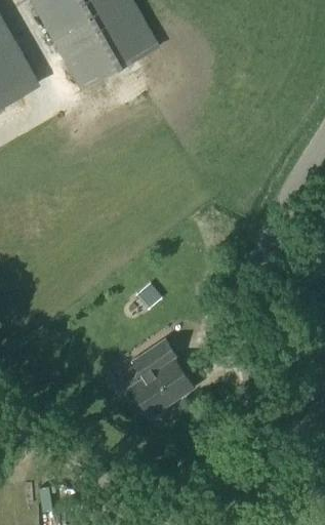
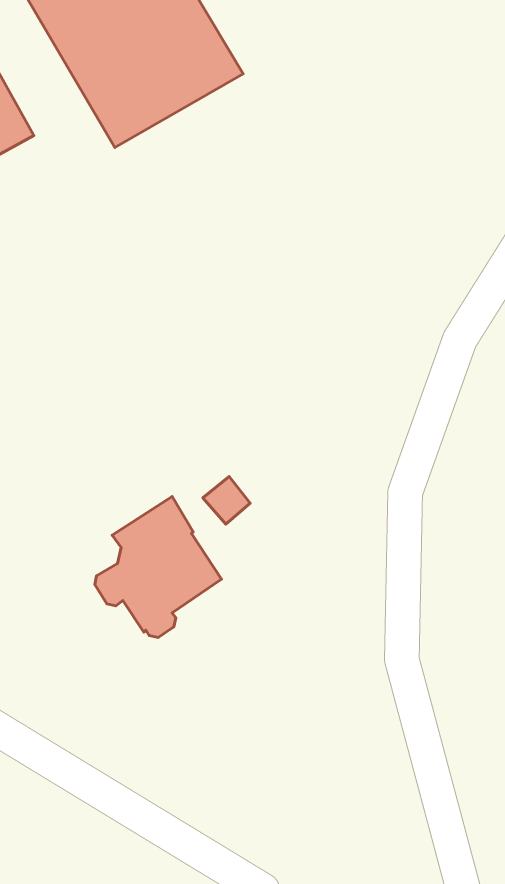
building: [120,338,194,420] -> [95,497,221,637]

